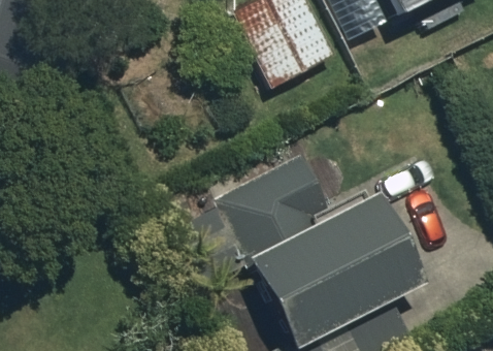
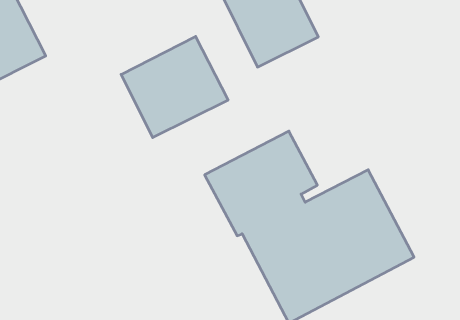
building: none -> [121,36,228,138]

